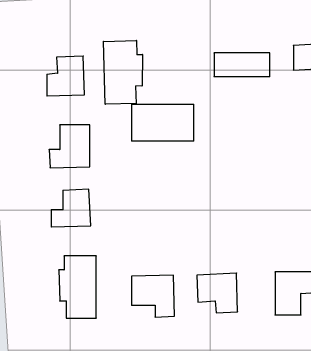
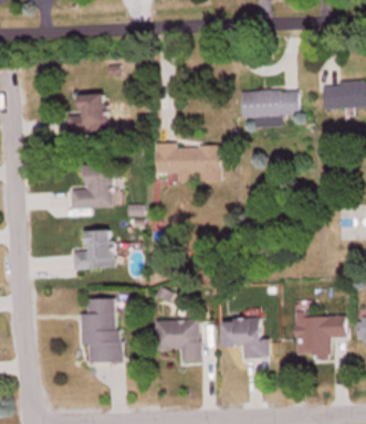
building: [103,40,142,104] -> none

